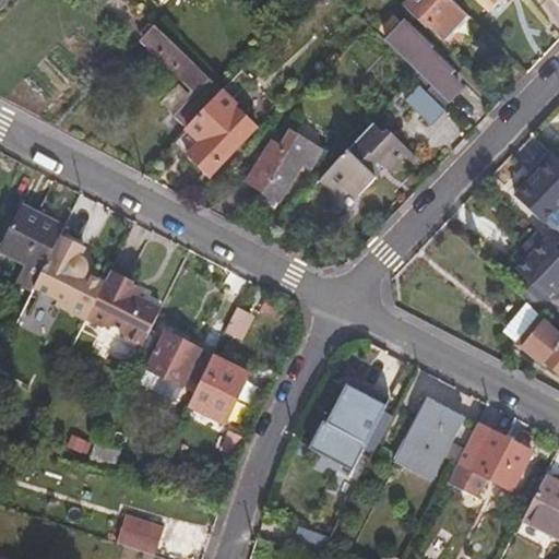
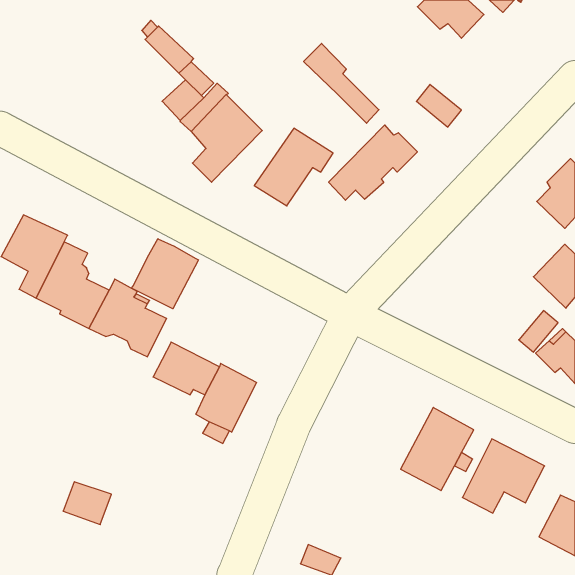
building: [386,25,460,103] -> [304,43,379,123]
building: none -> [131,239,198,309]
building: [308,384,388,475] -> none
building: [118,511,165,552] -> [63,482,111,525]

